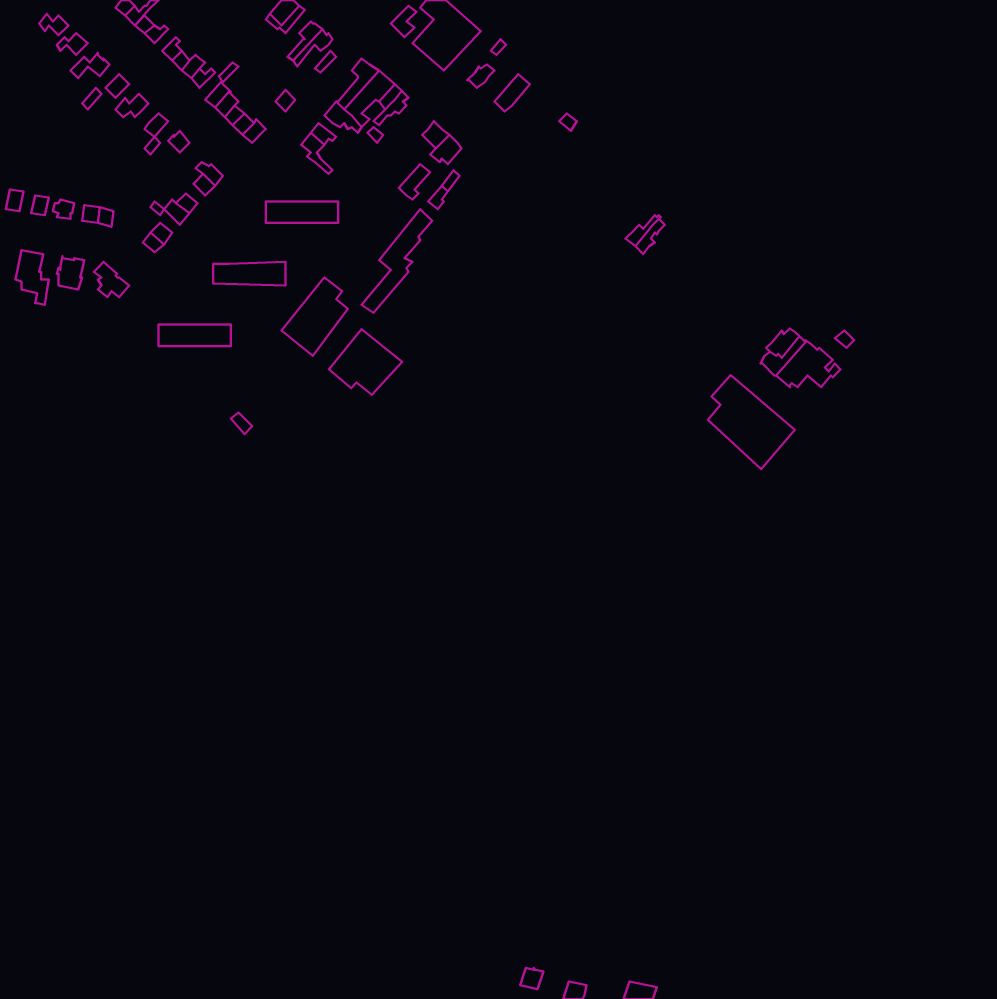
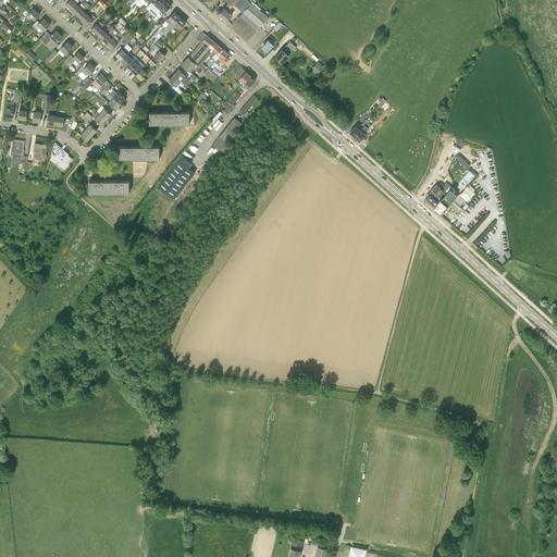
building: [329,329,402,395] -> none
building: [708,375,795,469] -> none

